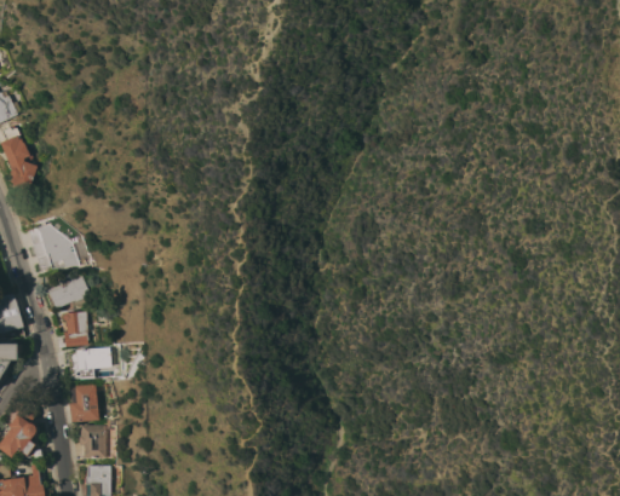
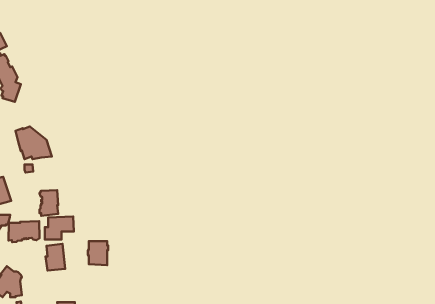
building: [48,273,91,308] -> none
building: none -> [8,221,40,242]
building: [80,425,108,457] -> [88,241,108,265]

